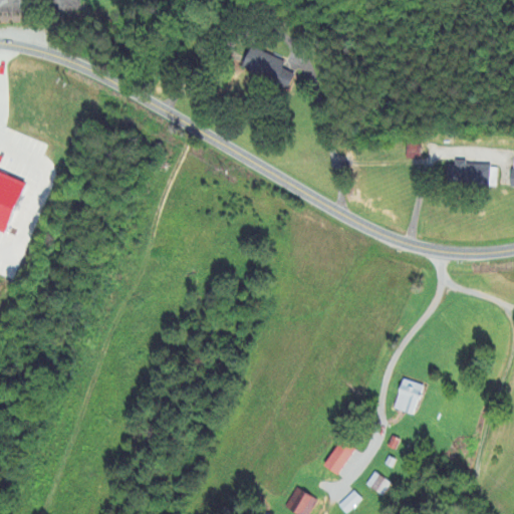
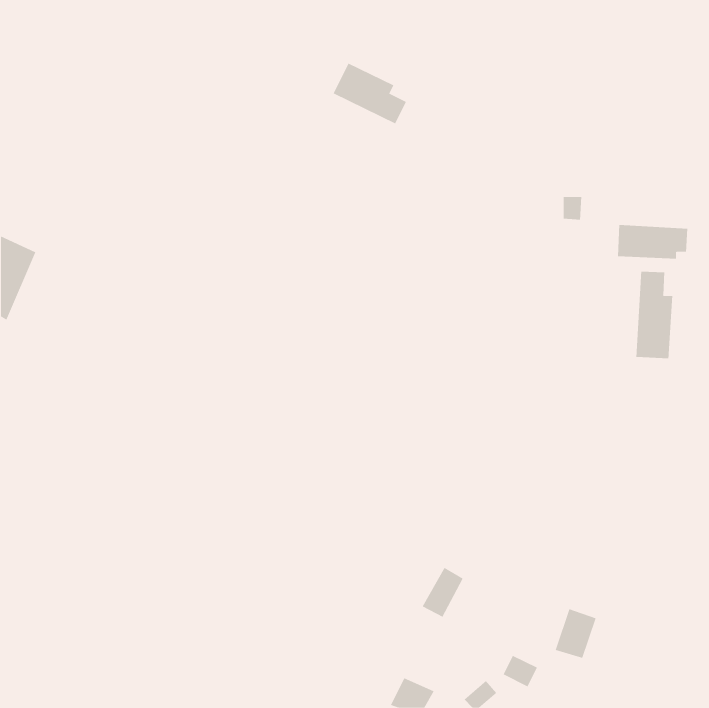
building: none -> [636,271,673,359]
building: [393,377,423,414] -> [555,608,597,659]
building: [322,439,352,475] -> [422,567,464,617]

